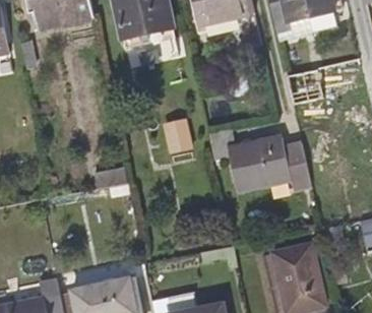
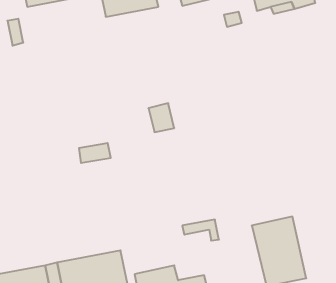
building: [207,127,311,191] -> none

